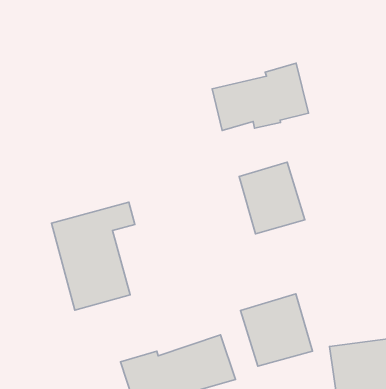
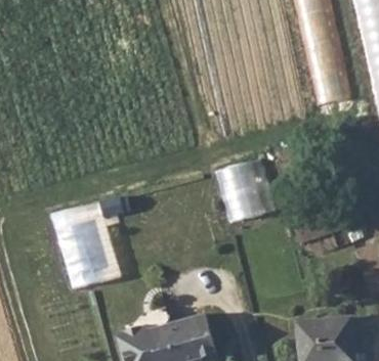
building: [212,63,309,130] -> none
building: [241,294,313,366] -> none

